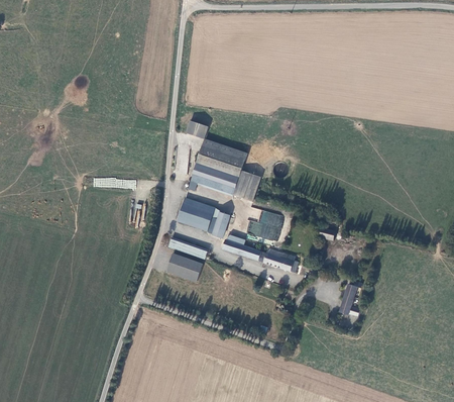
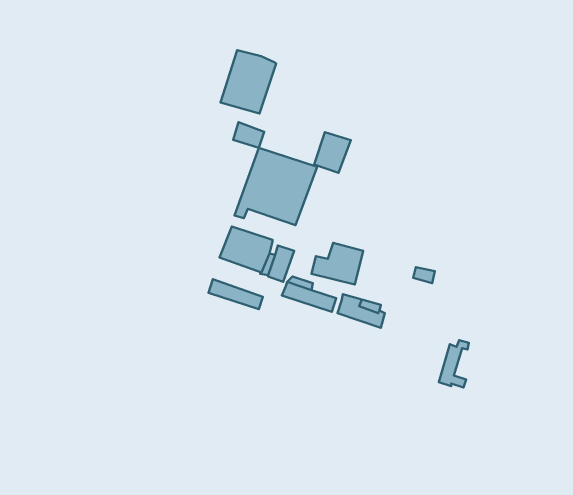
building: none -> [221,50,276,113]
building: [234,172,261,202] -> [314,132,351,173]
building: [166,254,203,282] -> none

